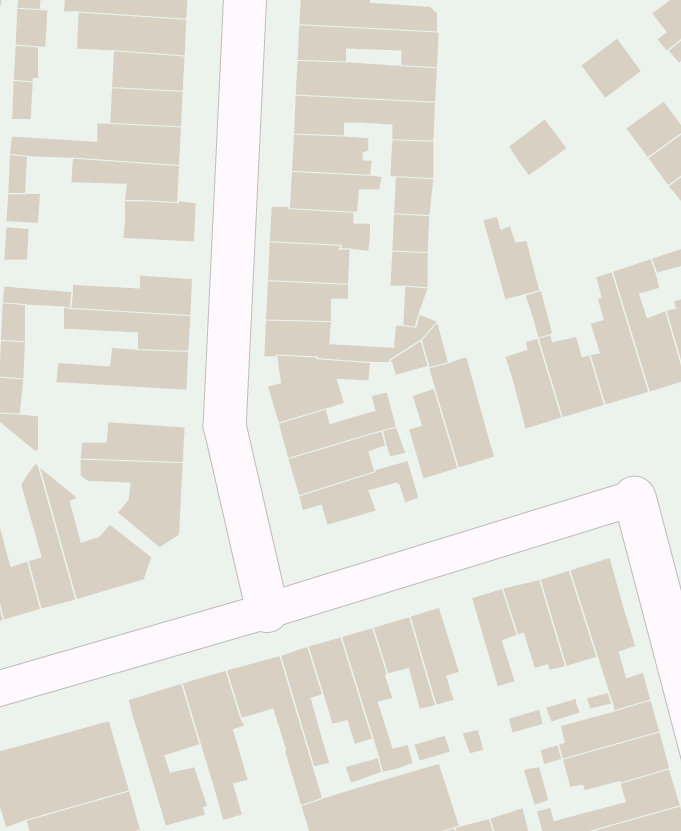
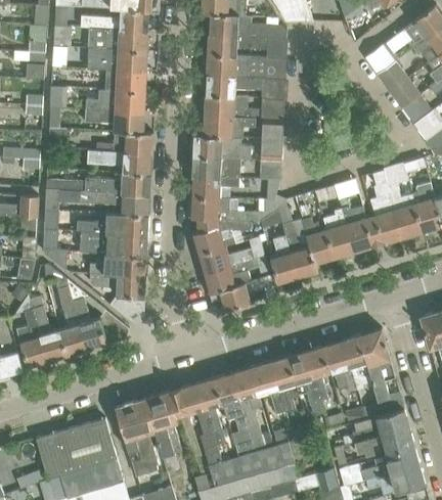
building: [508,119,567,176] -> [379,60,411,92]
building: [483,216,540,300] -> [303,217,335,263]
building: none -> [87,150,152,175]
building: none -> [80,232,148,257]
building: none -> [288,351,323,416]

